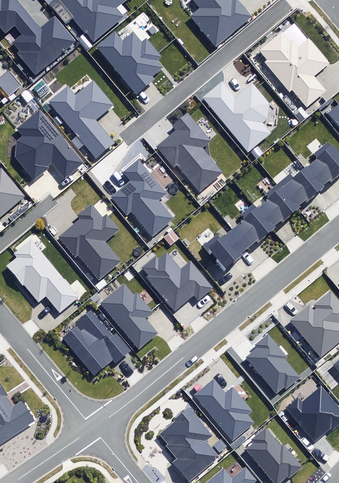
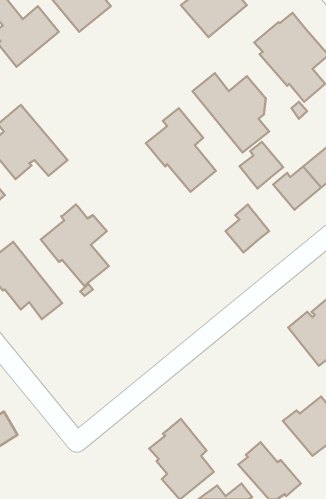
building: [96,31,161,94] -> none
building: [47,80,114,159] -> none
building: [109,160,173,236] -> none
building: [255,185,296,229] -> [240,142,283,188]
building: [208,229,248,268] -> none
building: [141,252,212,311] -> none
building: [99,283,156,348] -> none
building: [62,310,132,375] -> none
building: [245,334,300,394] -> none
building: [194,379,253,440] -> none

